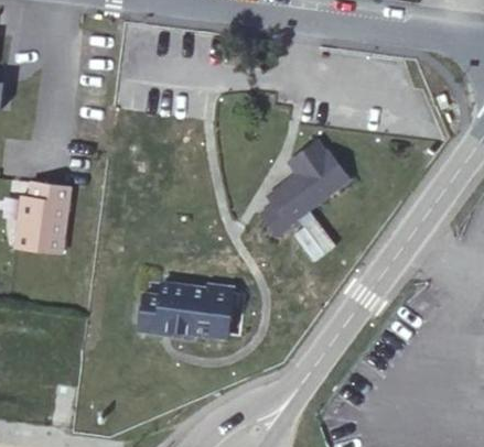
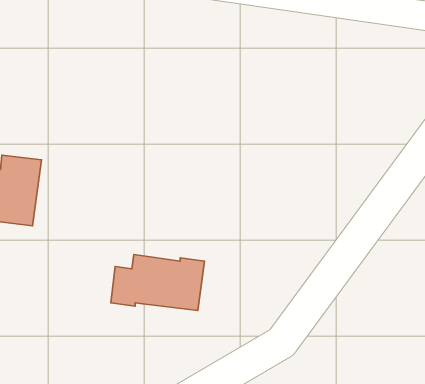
building: [261,140,349,235] -> none

